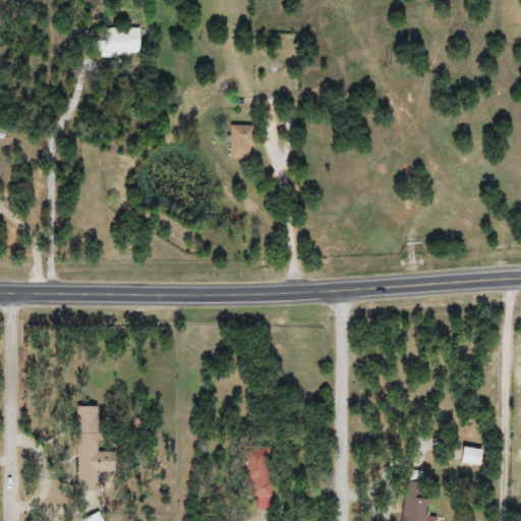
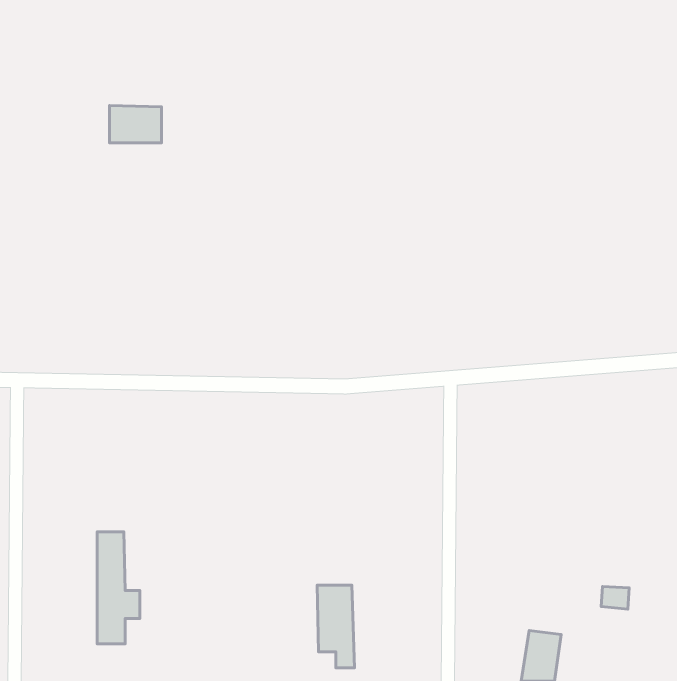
building: [100,27,139,56] -> [110,105,162,143]
building: [230,126,253,160] -> none

